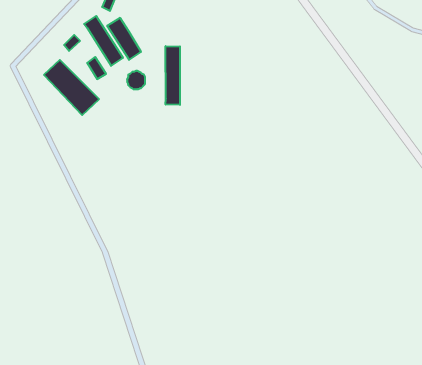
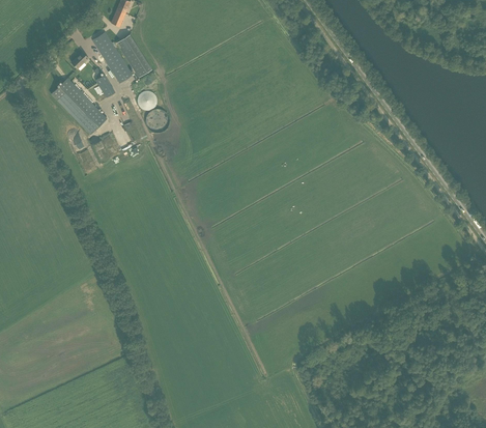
building: [166,46,180,105] -> none

